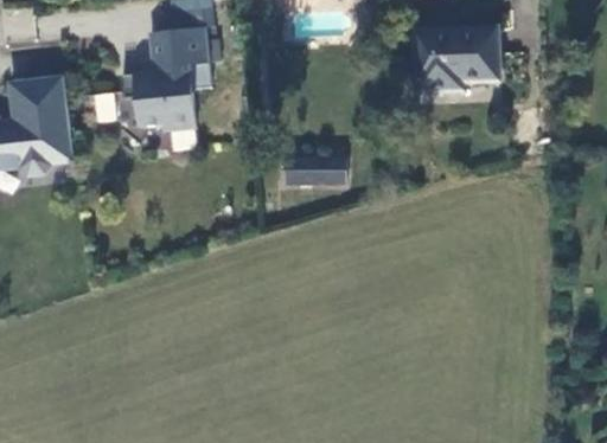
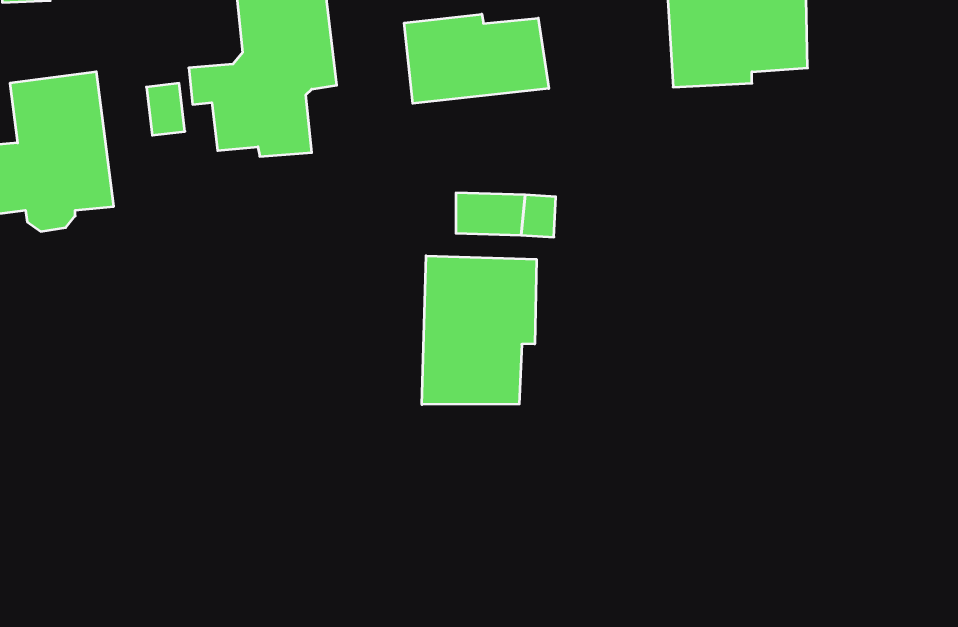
building: none -> [404,14,549,103]
building: none -> [422,256,536,405]

